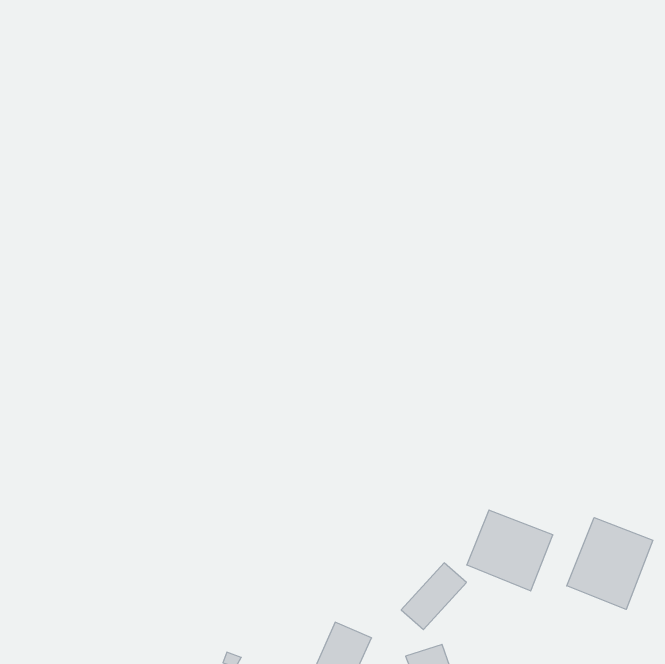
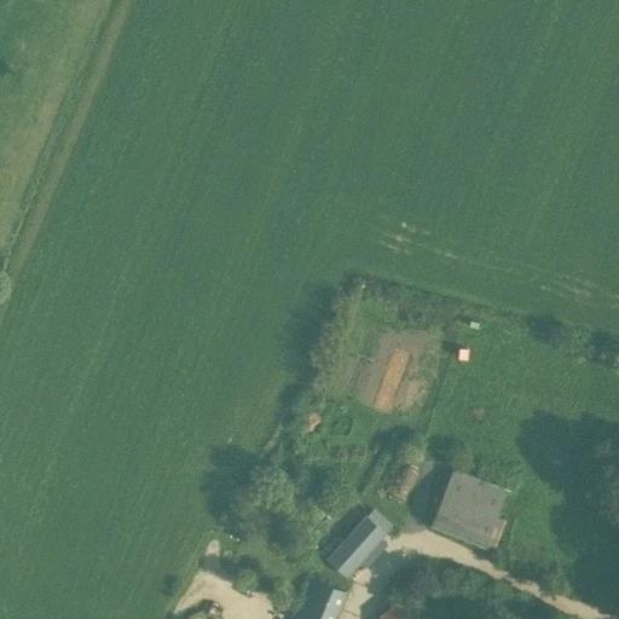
building: [567,518,653,609] -> none
building: [401,563,466,630] -> [325,517,386,579]

